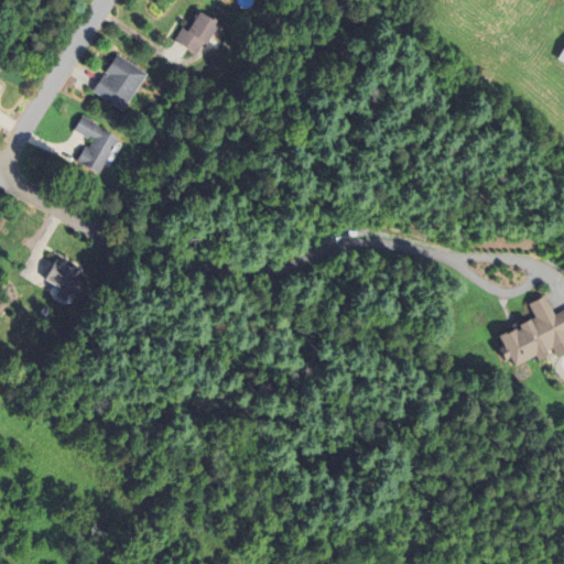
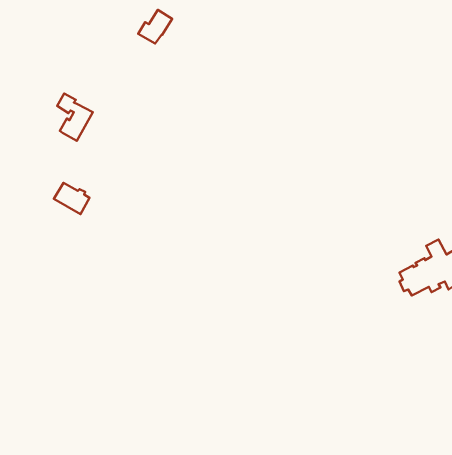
building: [94,55,148,111] -> none
building: [45,260,89,299] -> [54,183,89,214]

